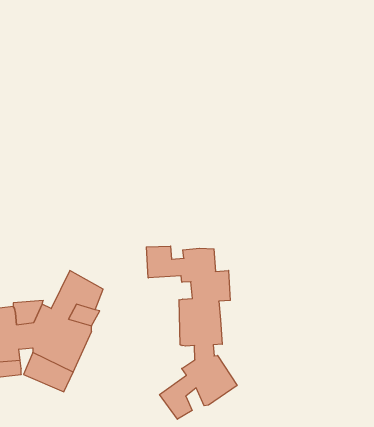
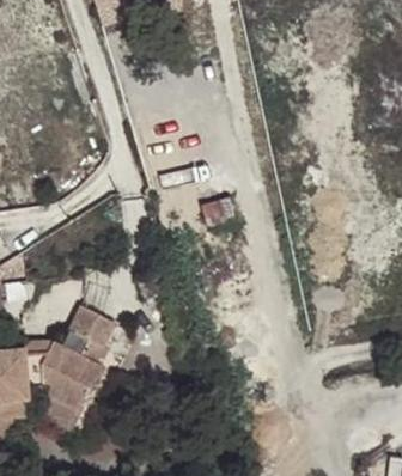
building: [146,246,237,419] -> none

